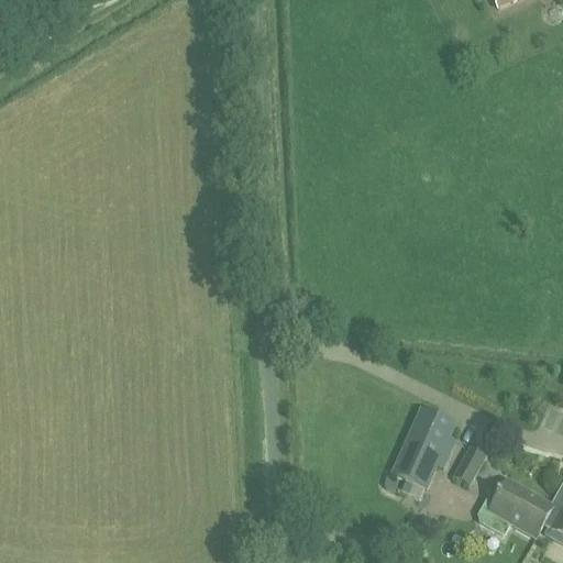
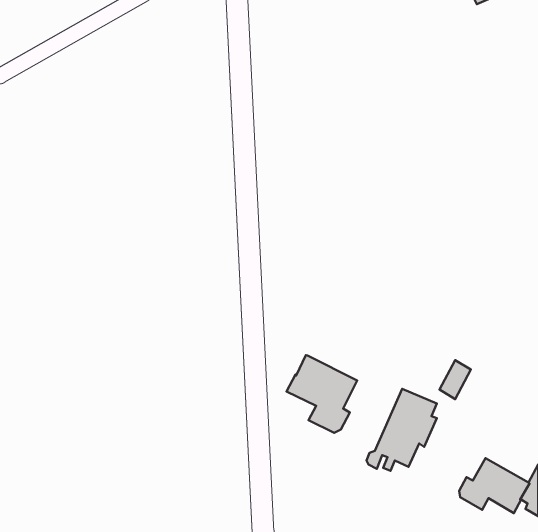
building: none -> [287,355,357,433]
building: [453,443,486,484] -> [439,360,471,399]

